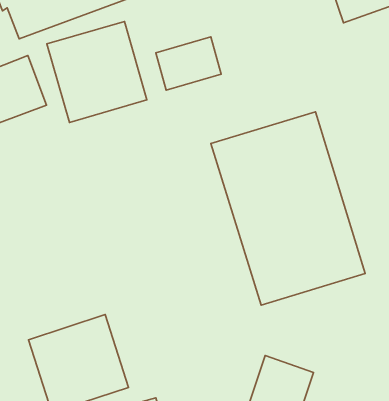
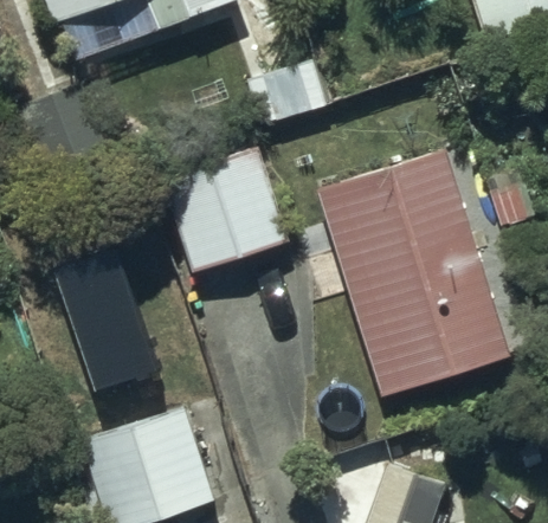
building: [47,21,147,122] -> [161,142,288,270]
building: none -> [60,247,167,388]

